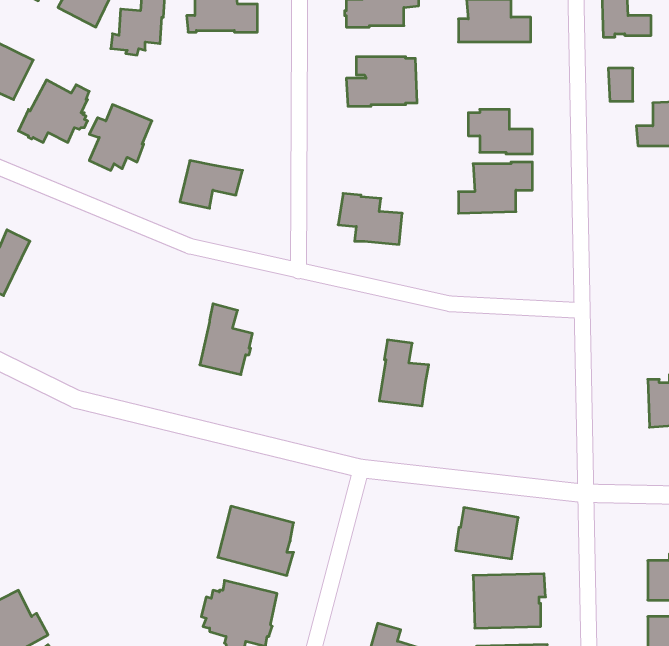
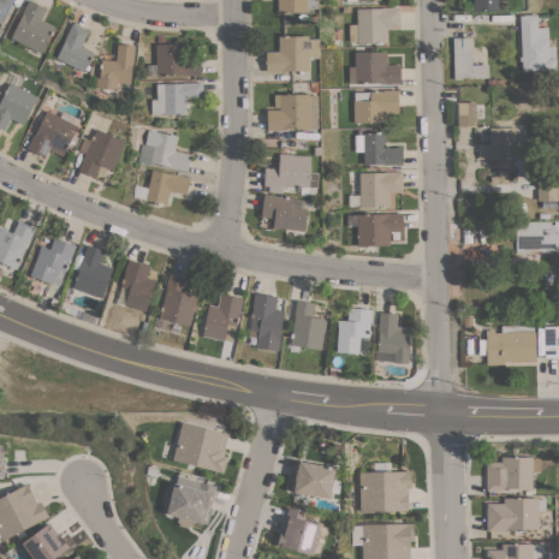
building: none -> [151,82,203,115]
building: none -> [355,89,399,123]
building: none -> [145,129,192,171]
building: none -> [264,153,319,195]
building: none -> [358,213,404,245]
building: none -> [31,237,77,286]
building: none -> [73,244,113,298]
building: none -> [121,258,156,311]
building: none -> [249,292,285,351]
building: none -> [202,293,243,341]
building: none -> [337,308,373,353]
building: none -> [377,311,411,363]
building: [456,508,518,559] -> [290,460,335,498]

